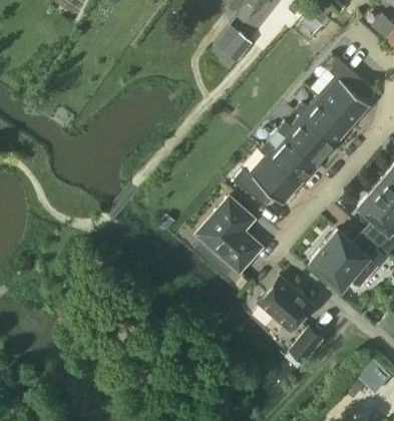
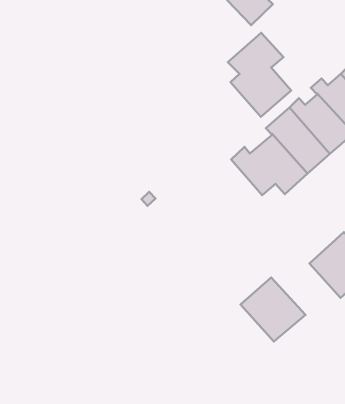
building: none -> [228,33,291,117]
building: [198,198,261,272] -> none
building: [290,328,322,361] -> none

